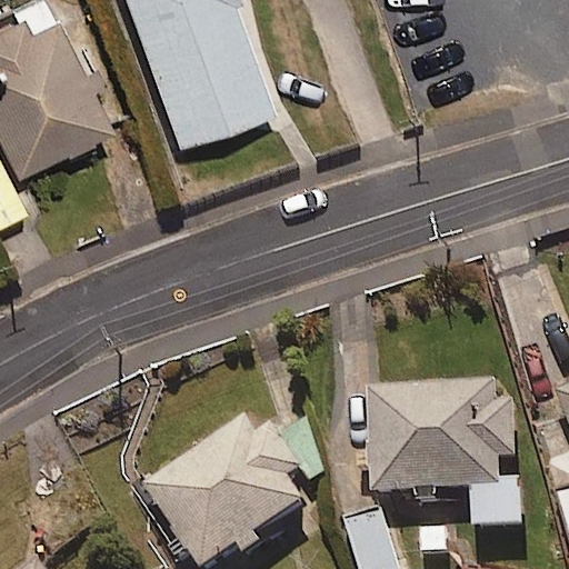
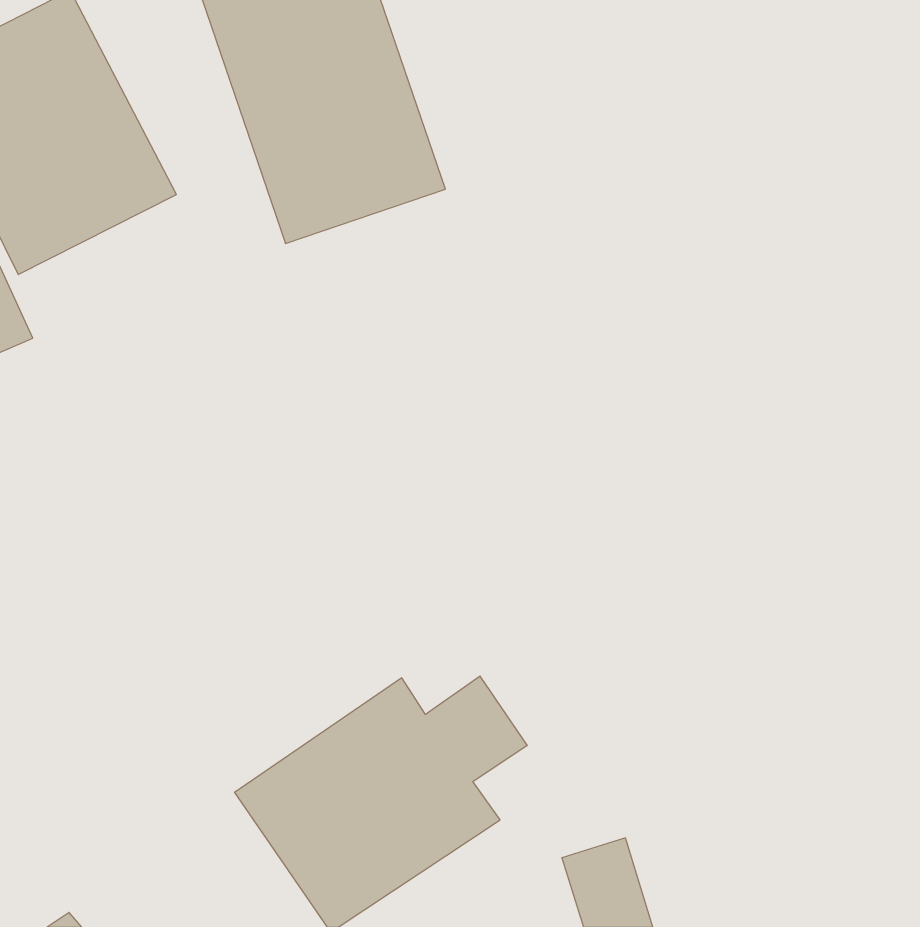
building: [368,381,520,528] -> none

